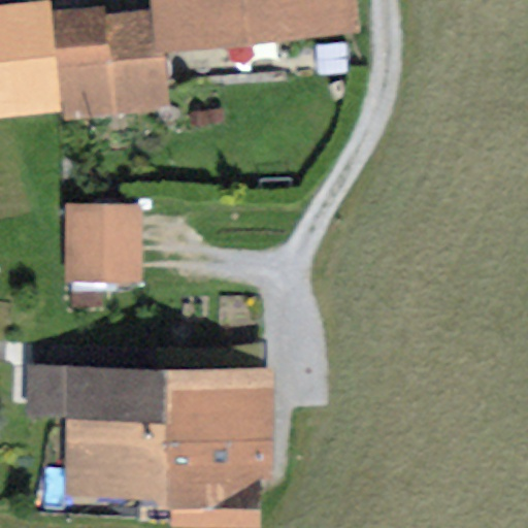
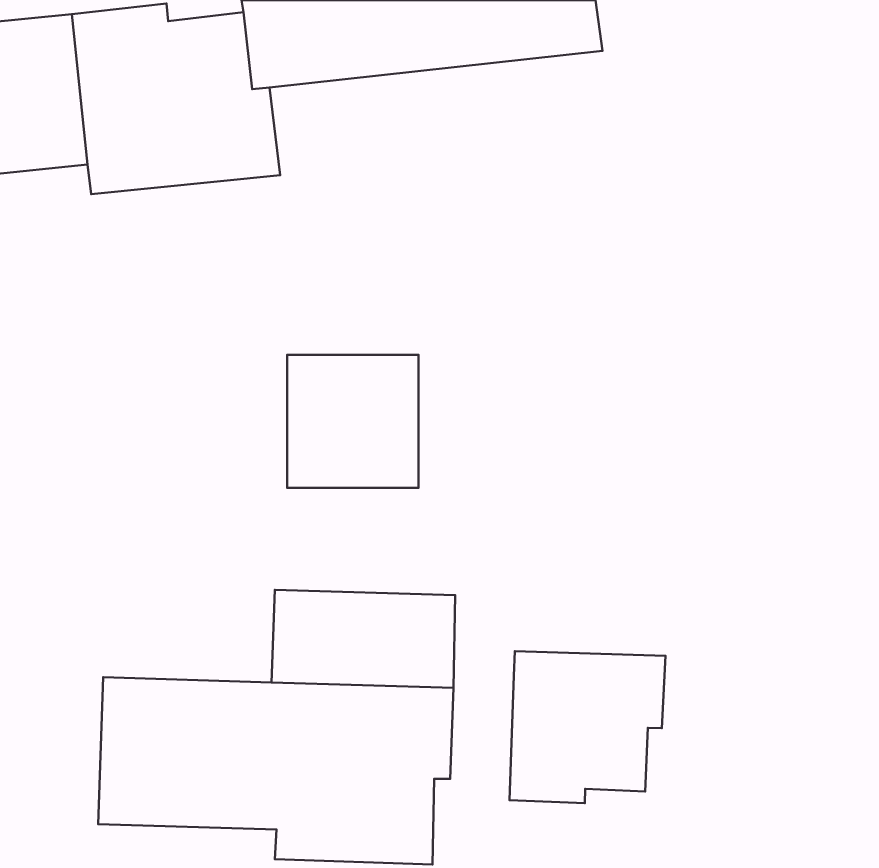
building: [78,201,156,279] -> [287,355,418,488]
building: [20,359,162,418] -> none
building: none -> [510,651,665,803]

